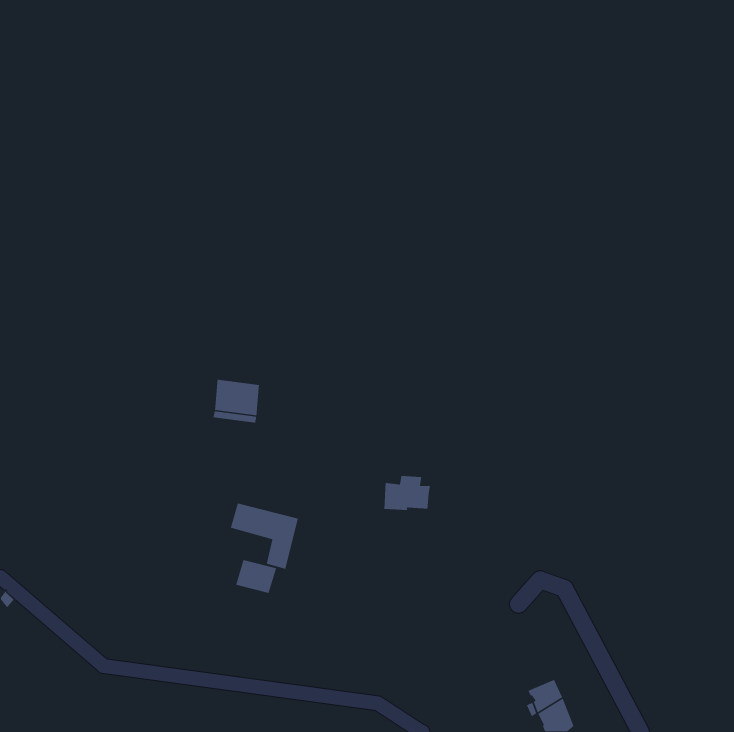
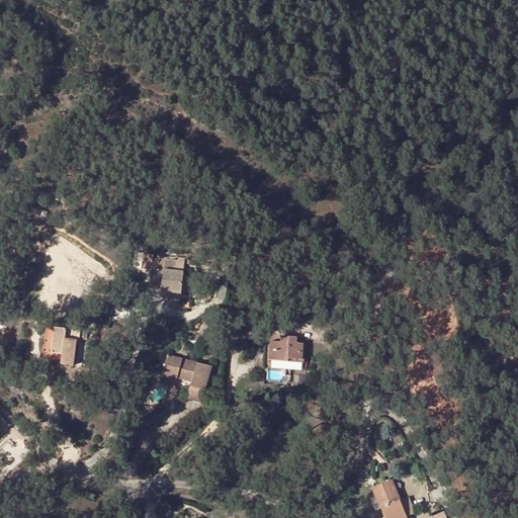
building: none -> [42,325,82,364]
building: [235,559,277,594] -> none

